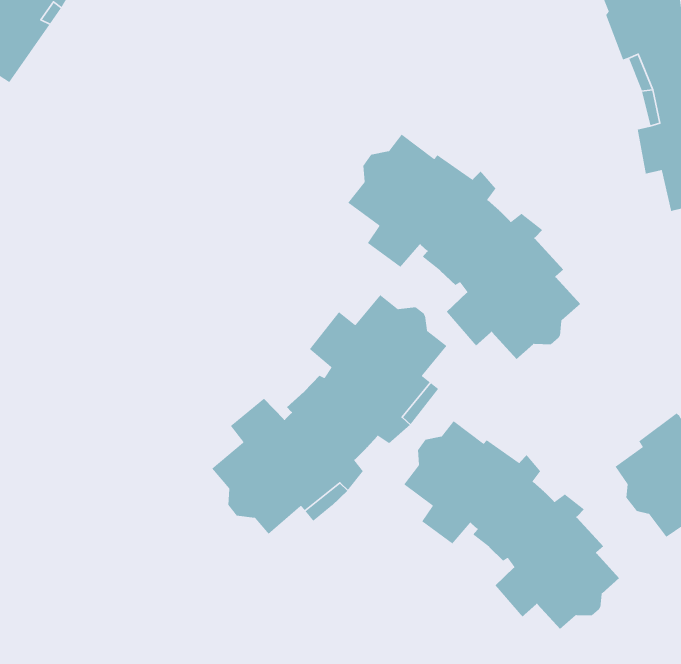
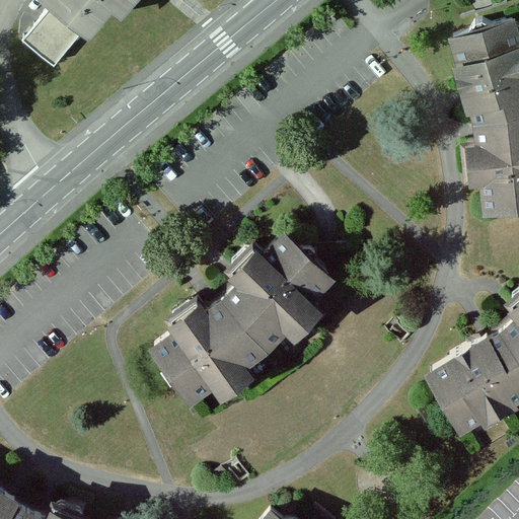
building: [347,134,581,360] -> none
building: [403,420,620,630] -> none

